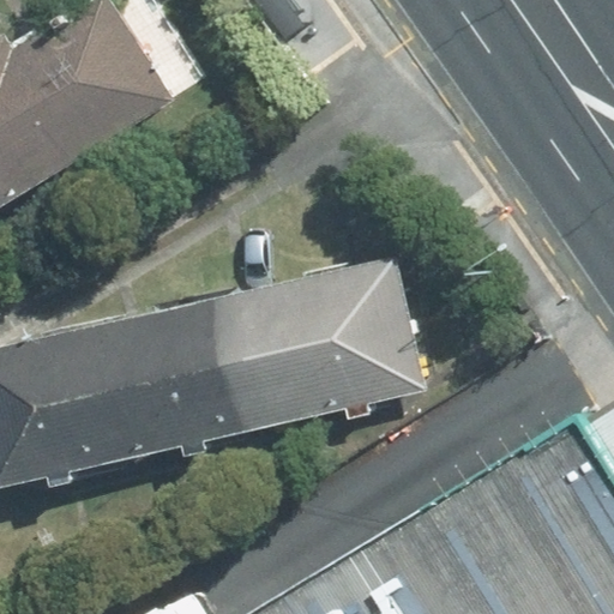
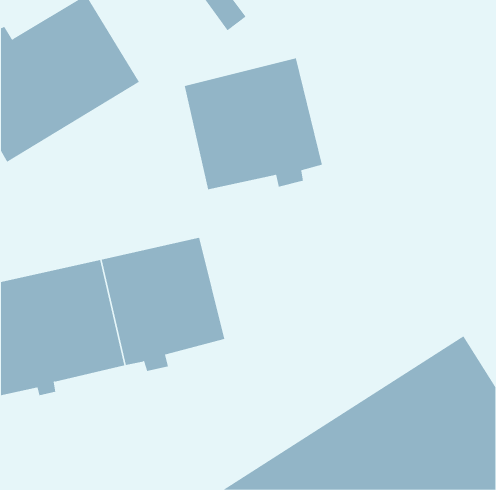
building: none -> [184,57,323,190]
building: [247,255,429,419] -> none

